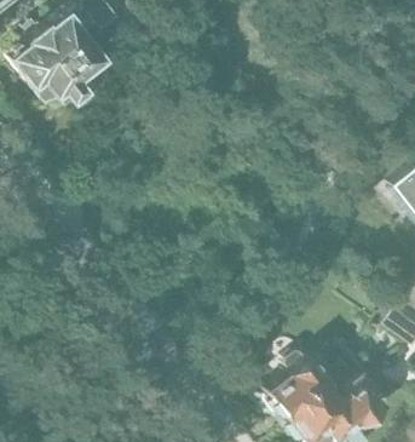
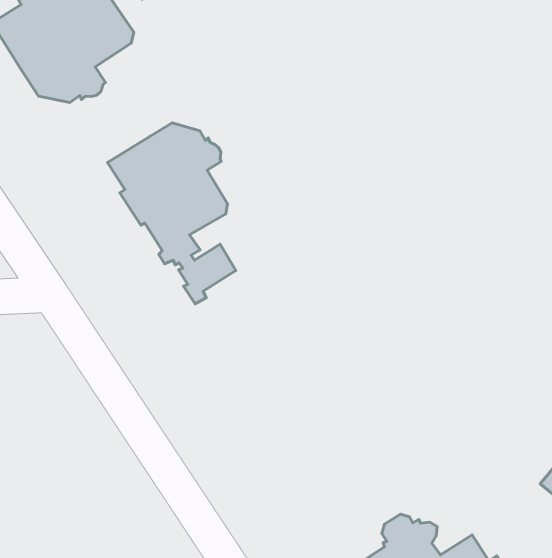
building: none -> [108,123,236,304]

